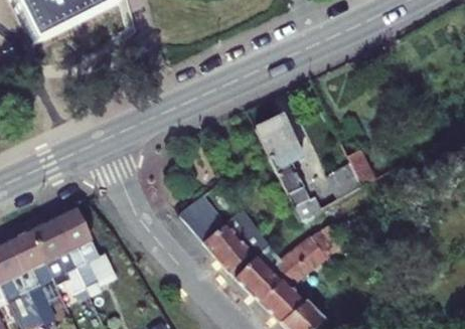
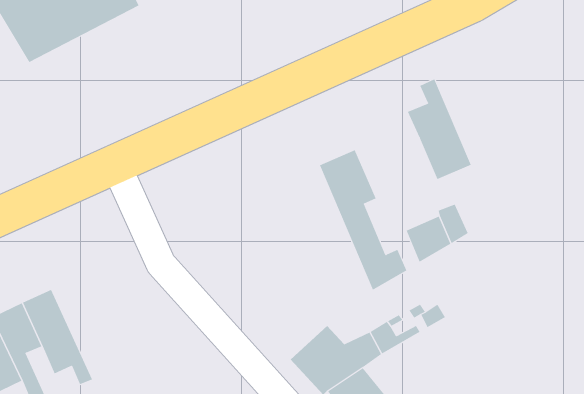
building: none -> [407,78,471,180]
building: [175,189,269,274] -> none
building: [55,209,103,289] -> none

